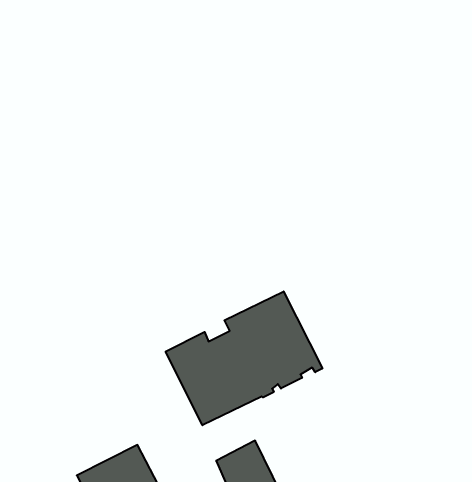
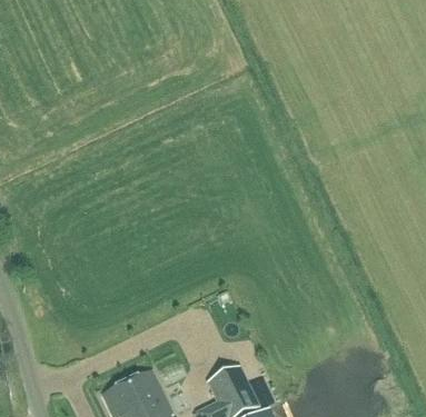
building: [166,291,322,425] -> none

